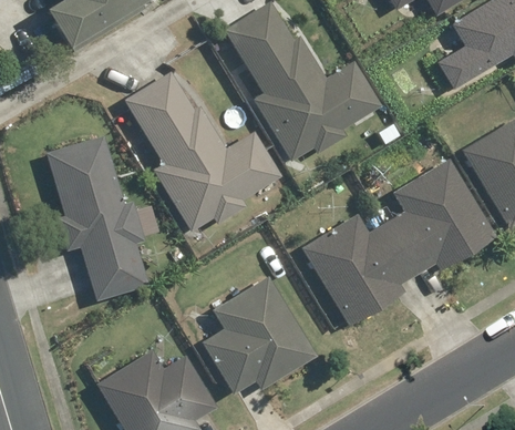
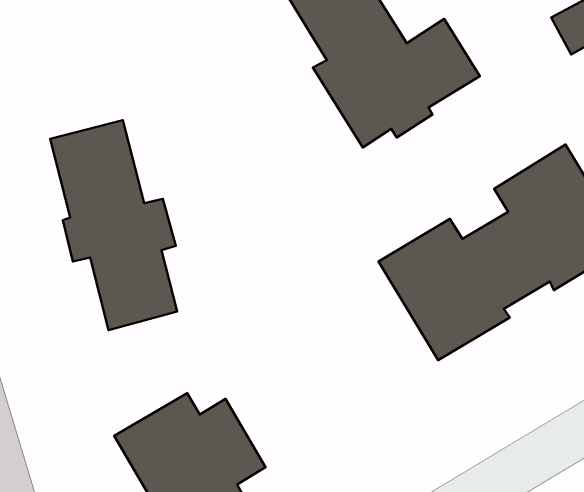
building: [126,74,280,231] -> none
building: [202,278,313,393] -> none

